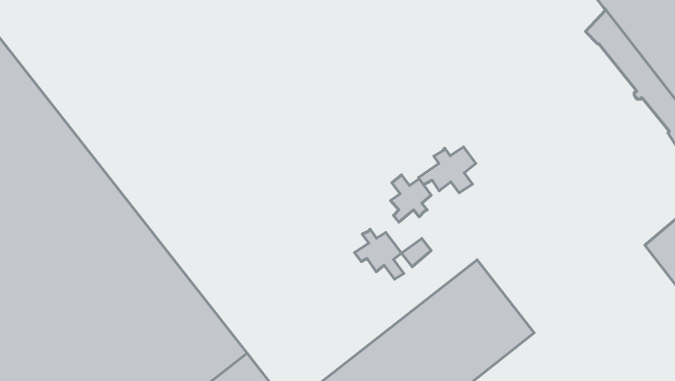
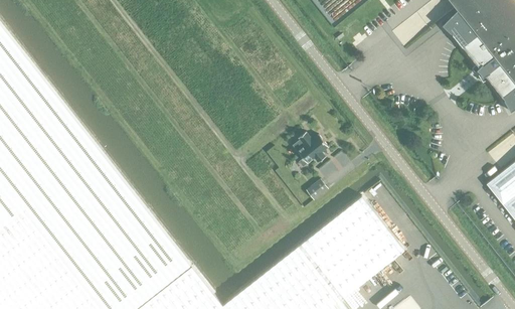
building: [419,147,476,193] -> none
building: [355,229,404,279] -> none

